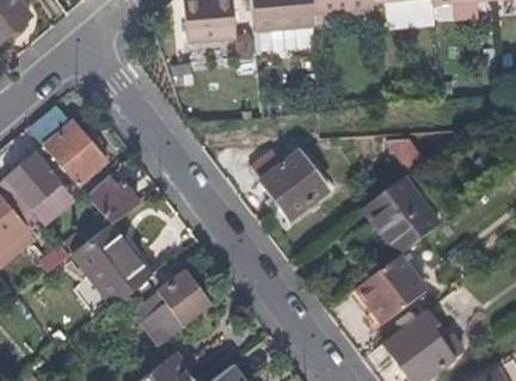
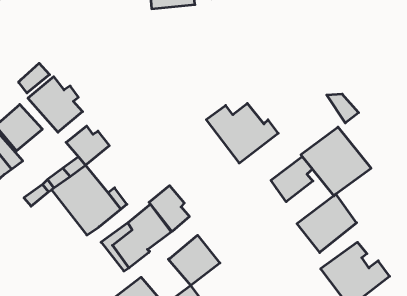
building: none -> [271,156,313,202]
building: none -> [149,186,189,231]
building: none -> [168,235,220,285]

